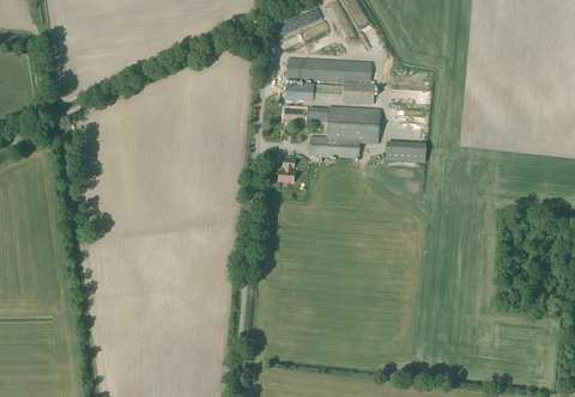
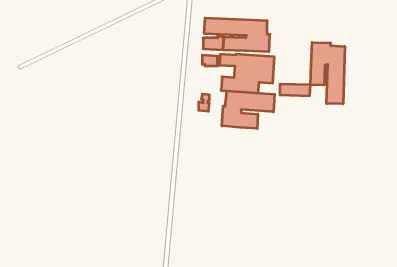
building: none -> [311,42,345,104]
building: none -> [222,91,275,129]

